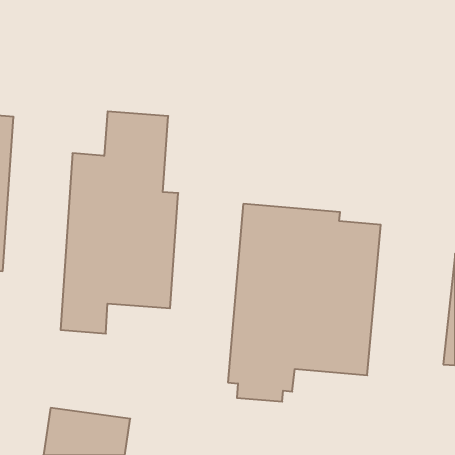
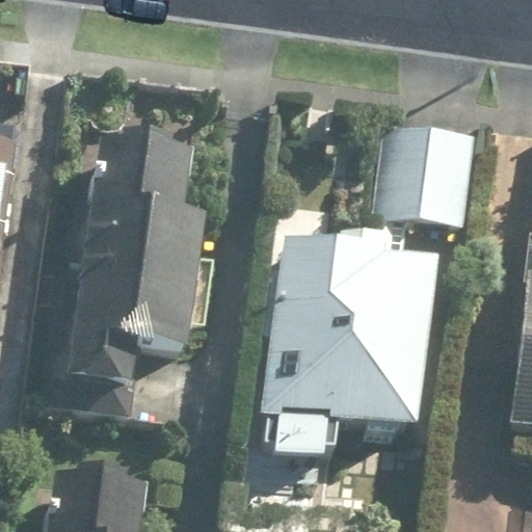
building: none -> [370,128,469,224]

